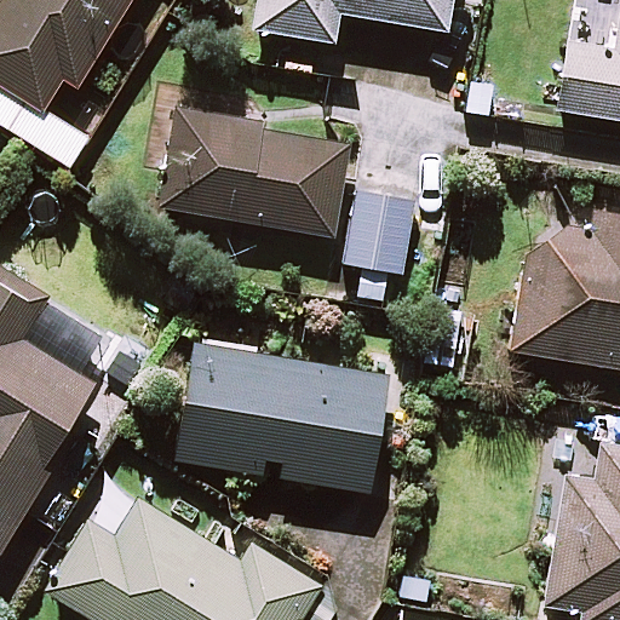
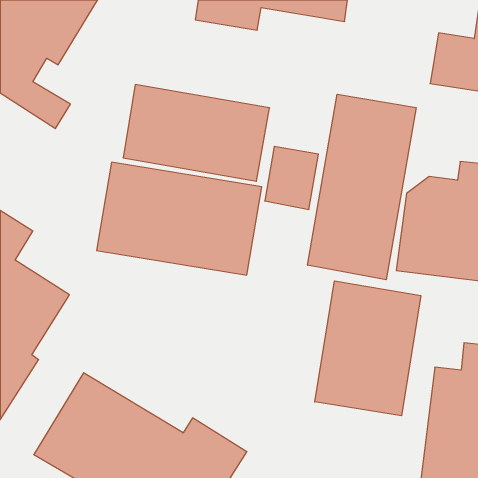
building: none -> [308,94,416,280]
building: [174,344,388,489] -> [97,162,262,275]
building: none -> [315,281,421,416]

